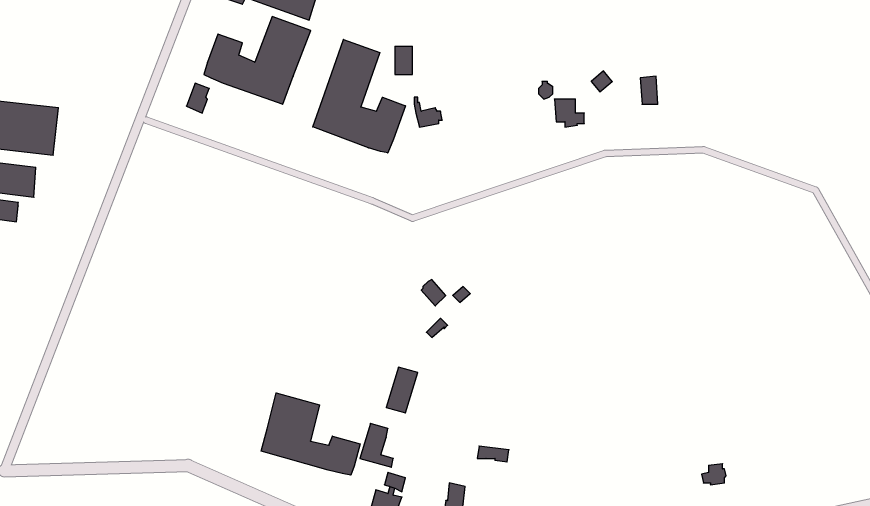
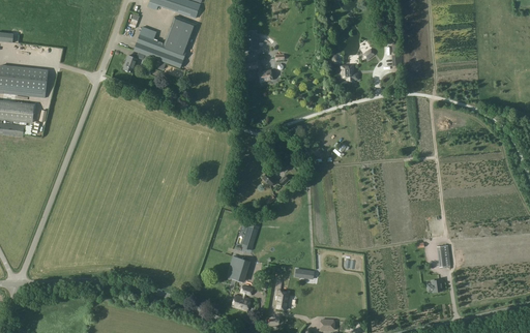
building: [313,39,405,153] -> none
building: [261,393,360,475] -> none

